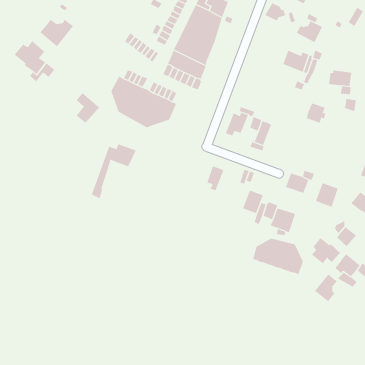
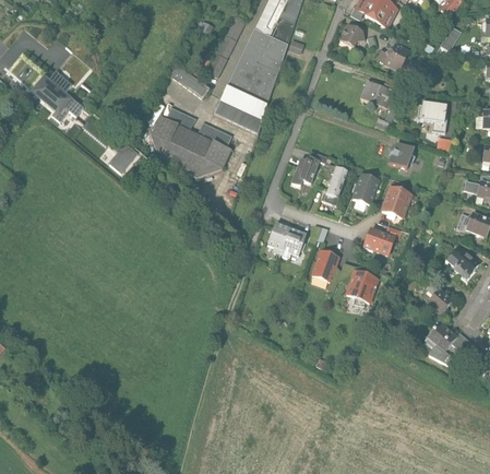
building: [39,19,74,47] -> none
building: none -> [352,175,379,204]
building: [91,144,137,199] -> none
building: none -> [280,226,307,256]
building: [315,182,338,207] -> [382,188,410,218]
building: [311,237,341,264] -> none
building: [252,238,303,275] -> none
building: [314,274,338,302] -> none

